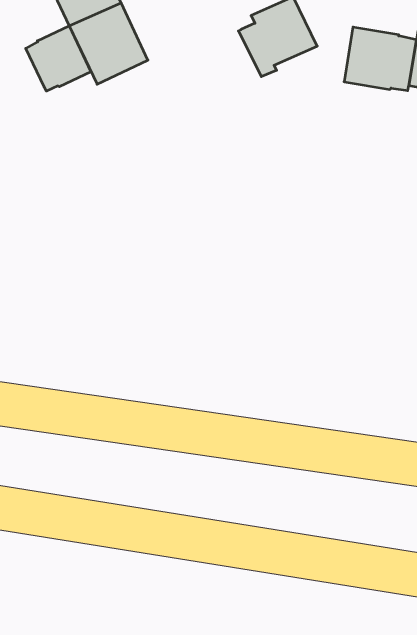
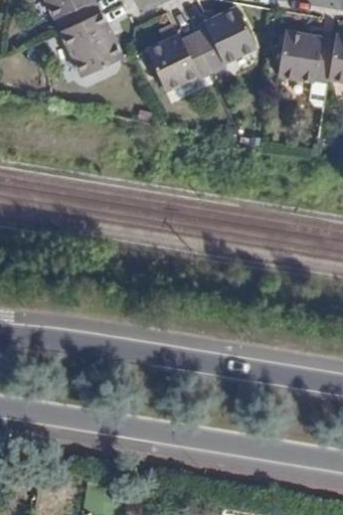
building: [26,26,91,91] -> none
building: none -> [146,34,212,90]

